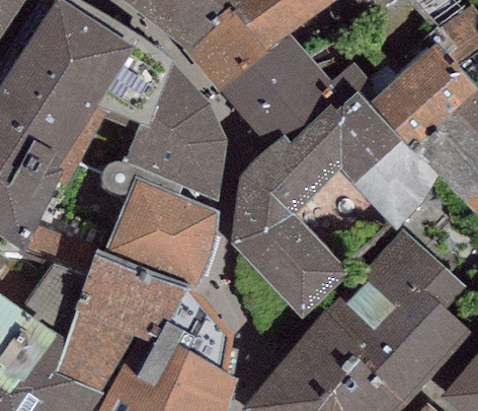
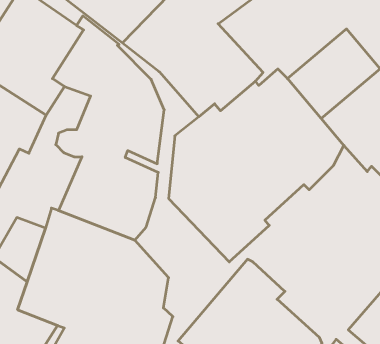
building: [328,230,471,402] -> none

